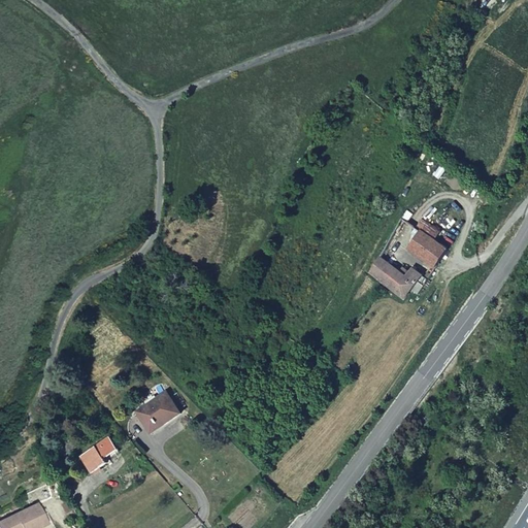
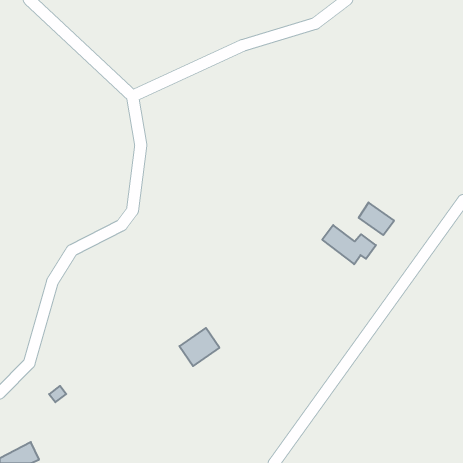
building: [135,391,180,434] -> [179,328,219,366]
building: [77,437,116,473] -> none

